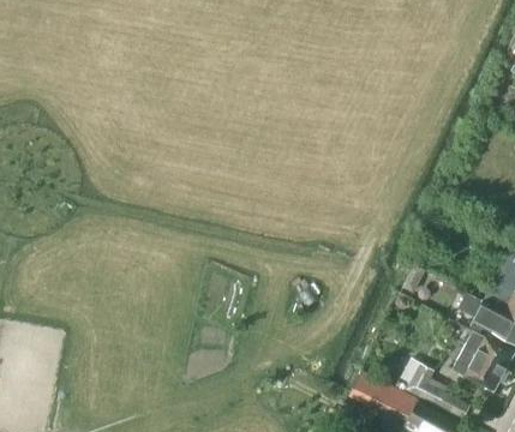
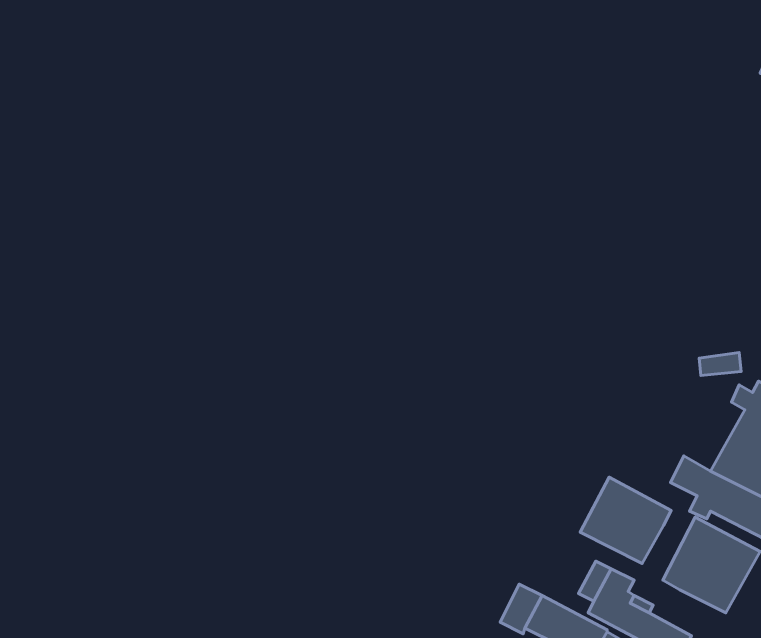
building: none -> [580,477,671,563]

